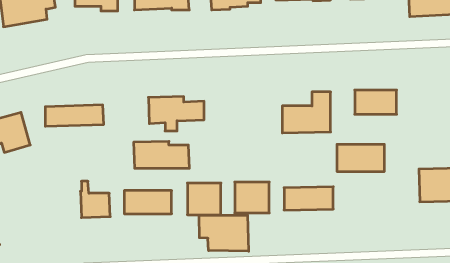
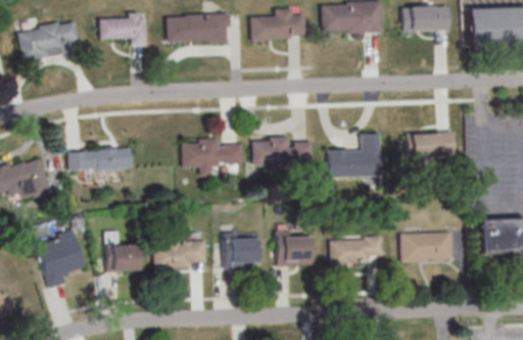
building: [134,141,189,168] -> [251,136,313,165]
building: [337,144,384,171] -> [400,232,453,261]
building: none -> [35,229,86,288]
building: [199,215,249,251] -> none

